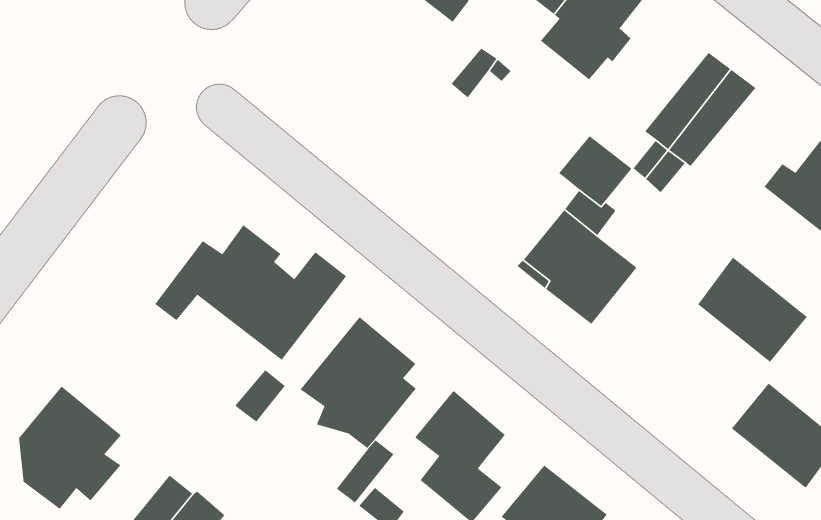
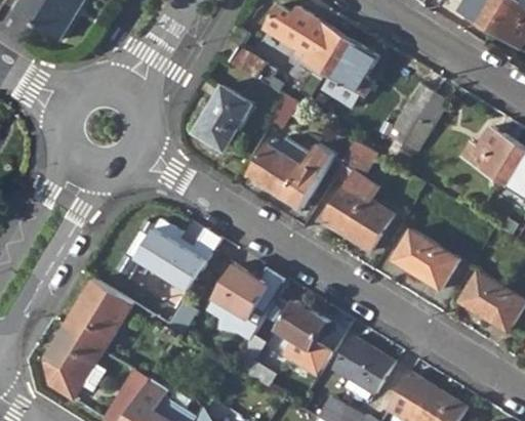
building: none -> [192,84,252,152]
building: none -> [247,136,334,208]
building: [697,256,808,363] -> [393,228,458,288]
building: none -> [65,279,133,349]

